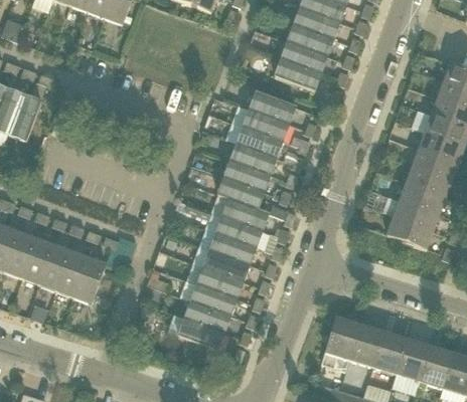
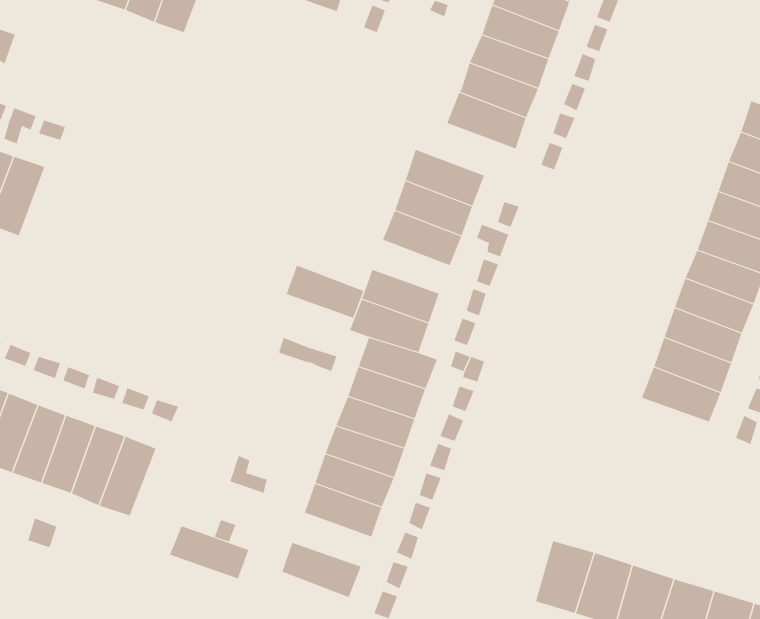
building: [229,143,275,174] -> [286,265,364,319]
building: [183,300,229,332] -> [169,525,249,579]

